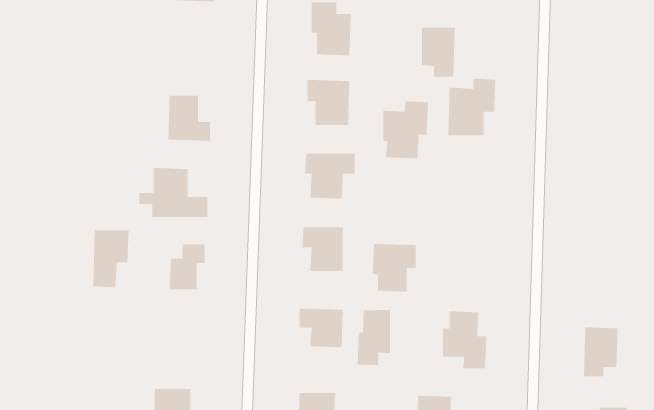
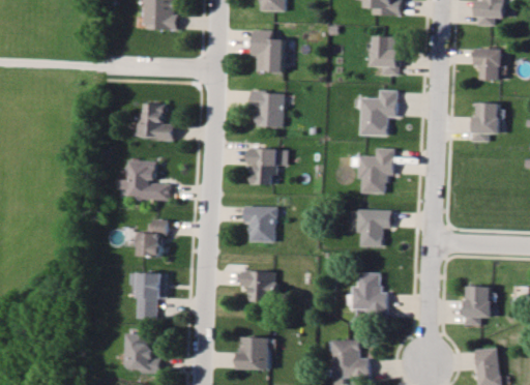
building: none -> [474,49,502,80]
building: [421,27,455,77] -> [371,36,398,76]
building: none -> [472,102,499,142]
building: [383,101,429,159] -> [358,148,394,194]
building: [93,230,129,288] -> [139,273,168,319]
building: [372,244,417,292] -> [357,209,392,247]
building: [357,309,391,366] -> none

